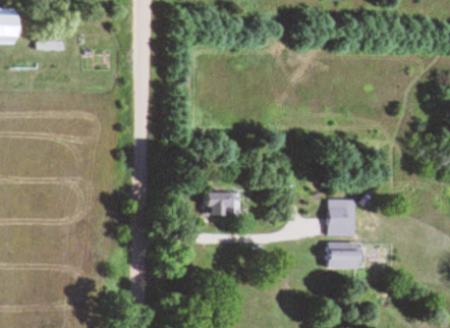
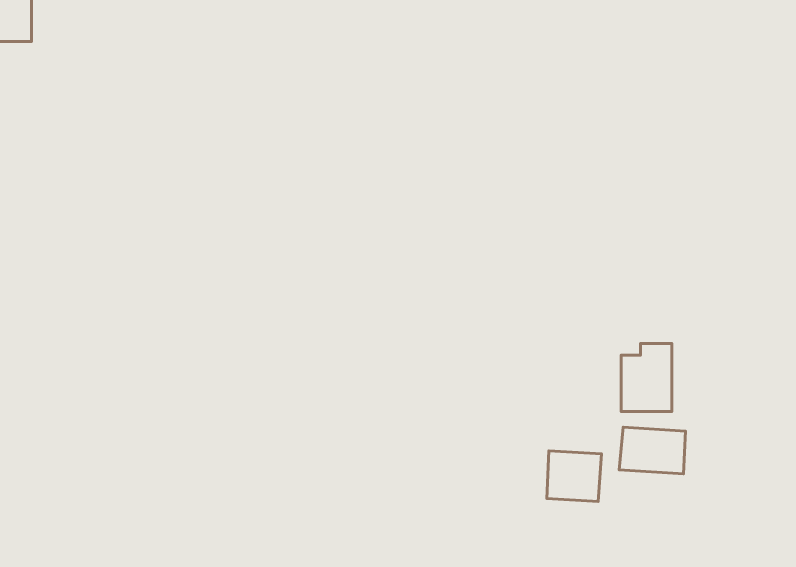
building: [207,196,232,214] -> none
building: none -> [547,451,601,501]

